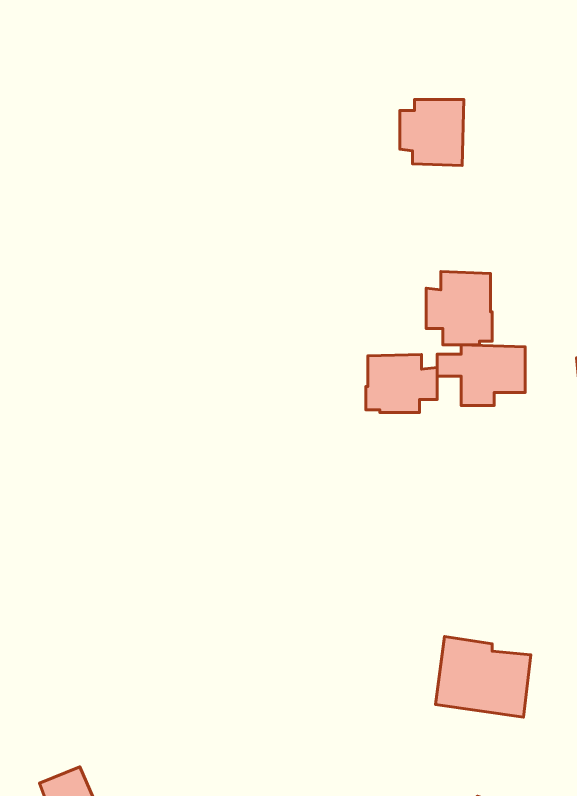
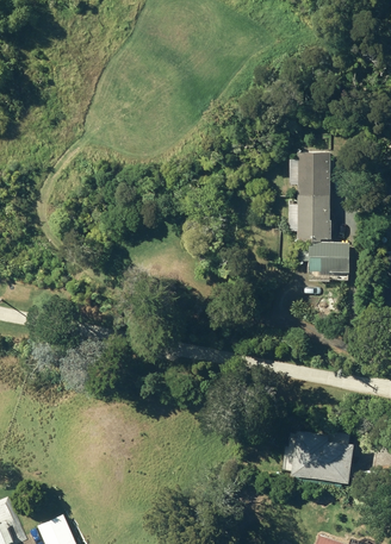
building: [400,100,464,166] -> [290,152,331,195]
building: [366,355,437,413] -> none

